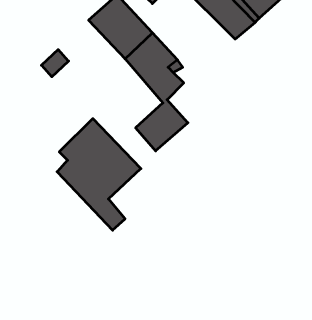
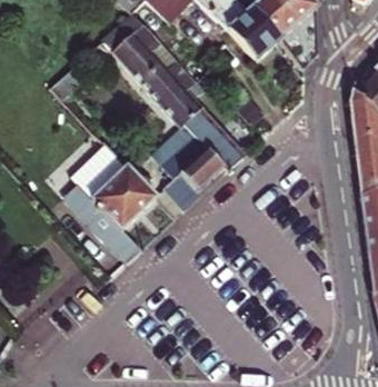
building: none -> [163,106,247,209]

